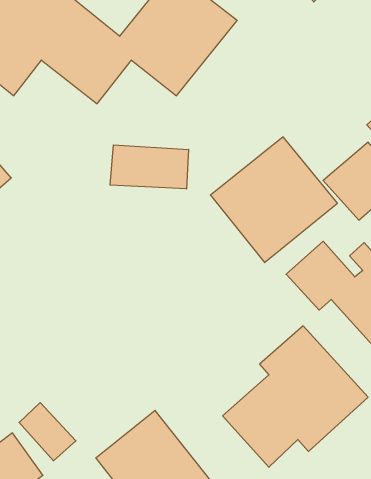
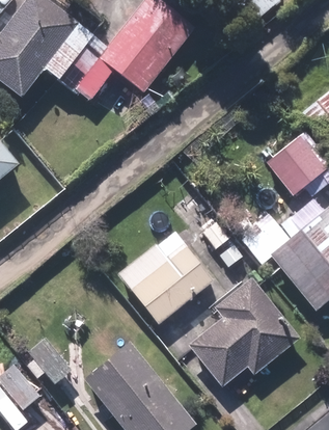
building: [210,137,337,263] -> [115,230,215,328]
building: [110,145,189,189] -> none

